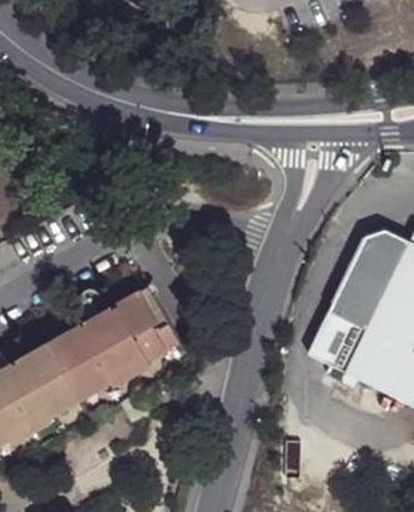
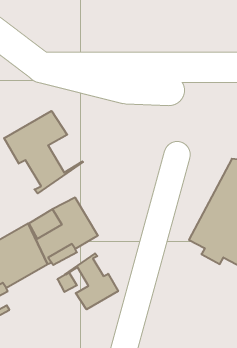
building: none -> [4,111,83,193]
building: none -> [65,253,118,309]

